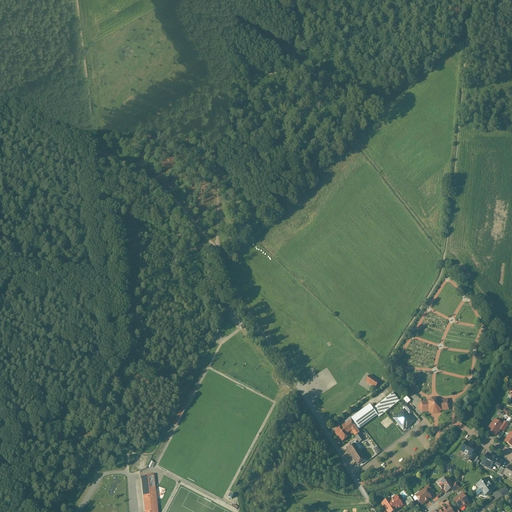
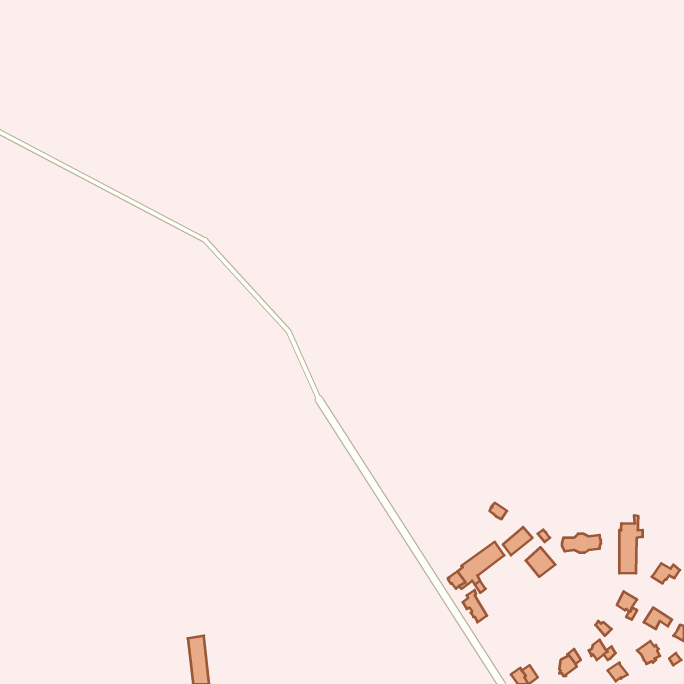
building: none -> [619,515,643,573]

